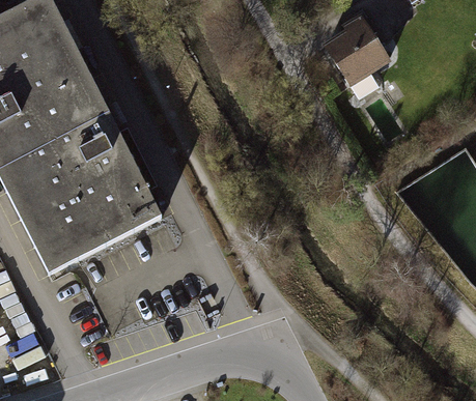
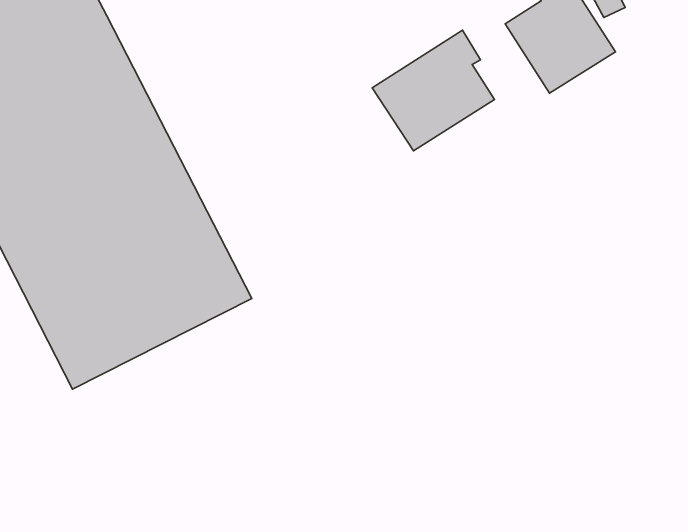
building: none -> [372,30,495,151]

